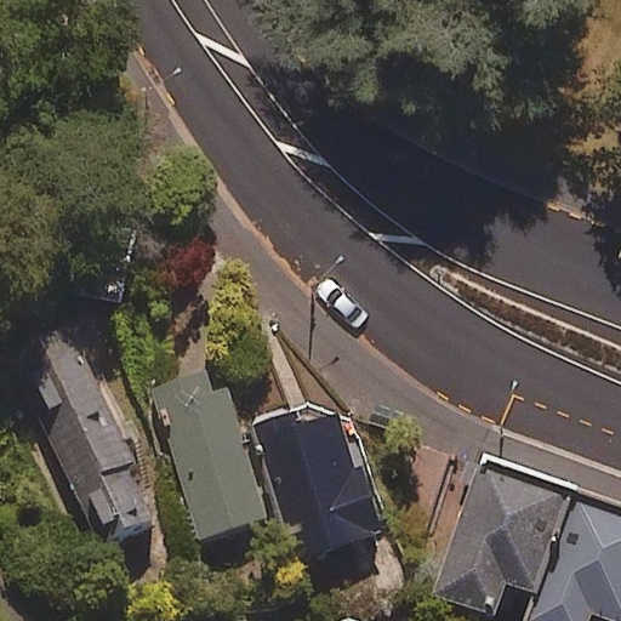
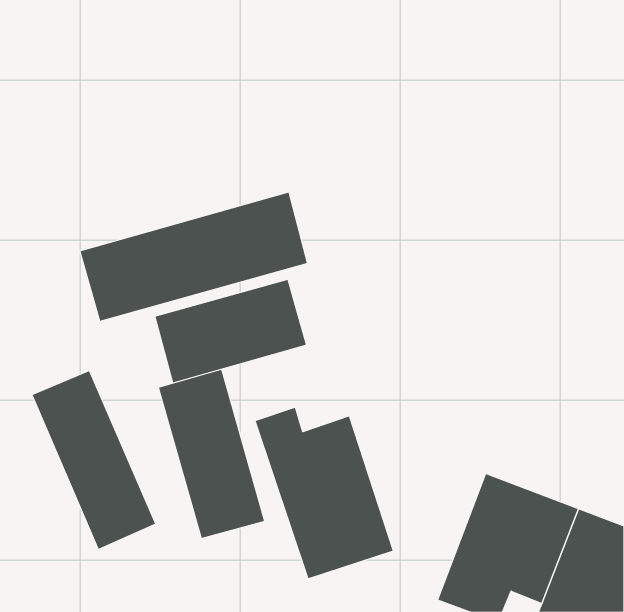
building: none -> [80,192,308,321]
building: none -> [155,279,307,383]

